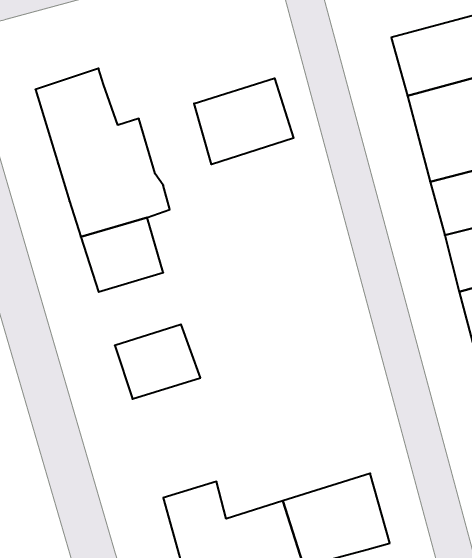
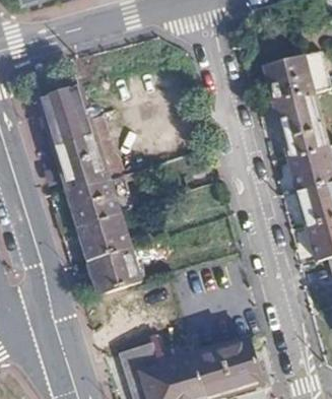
building: [194,78,294,164] -> none
building: none -> [77,213,129,259]

